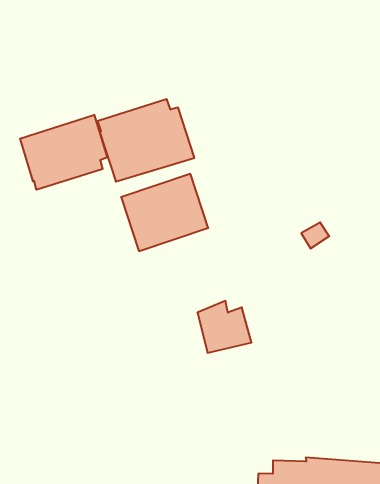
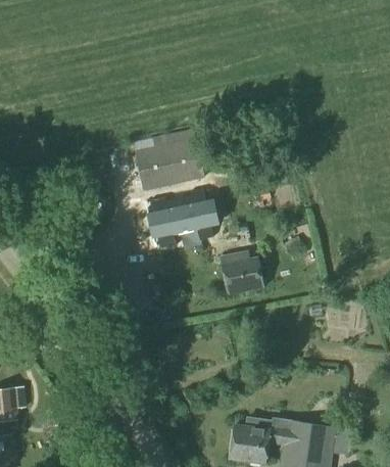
building: [20,115,107,190] -> none
building: [197,301,252,353] -> [223,251,262,290]

